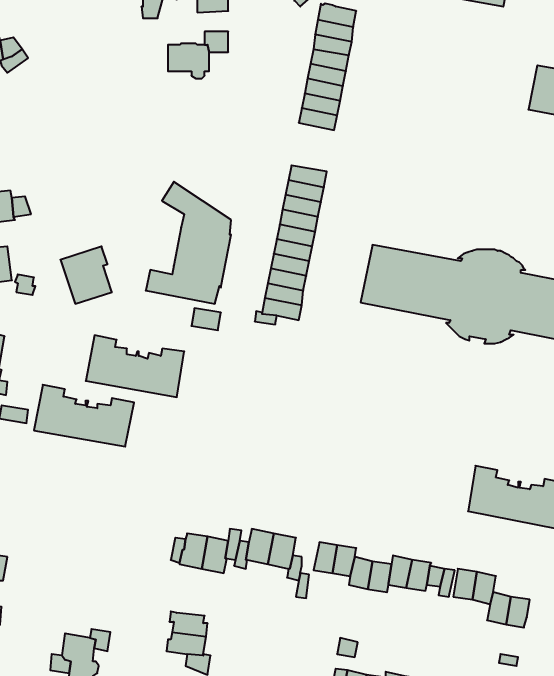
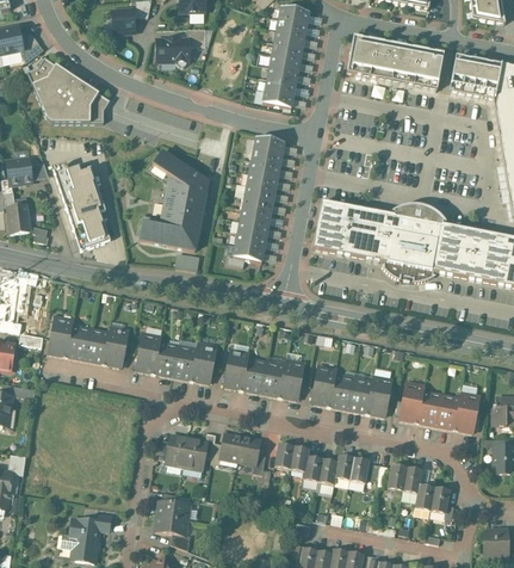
building: none -> [111,8,136,35]
building: none -> [346,36,444,89]
building: none -> [27,58,110,123]
building: none -> [54,163,103,214]
building: [86,335,184,397] -> [136,332,216,382]
building: none -> [224,348,304,399]
building: none -> [311,365,391,415]

